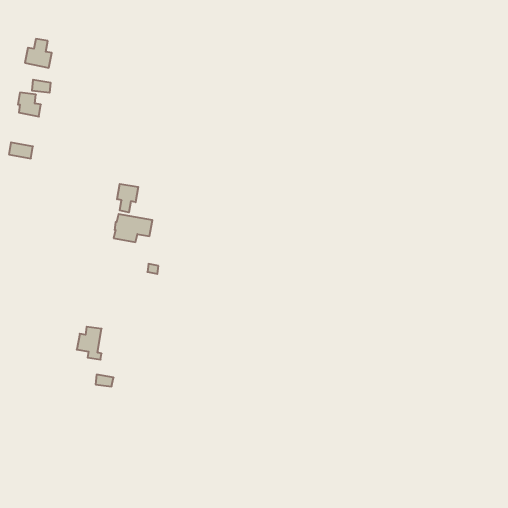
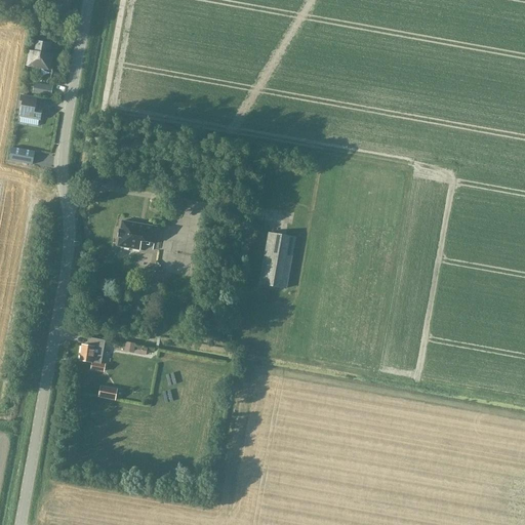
building: [117,184,138,212] -> none
building: none -> [259,232,296,288]

